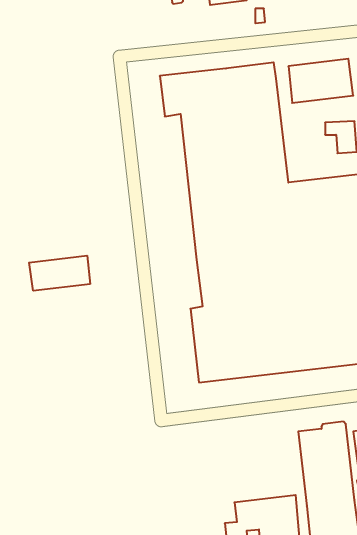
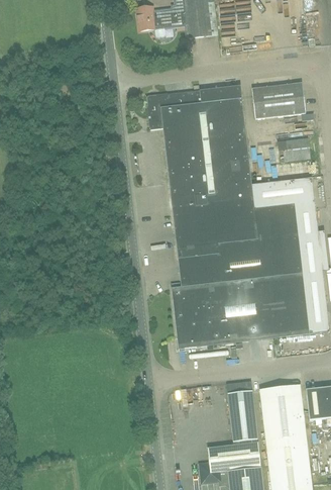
building: [29,256,90,291] -> none
building: none -> [228,390,257,442]

